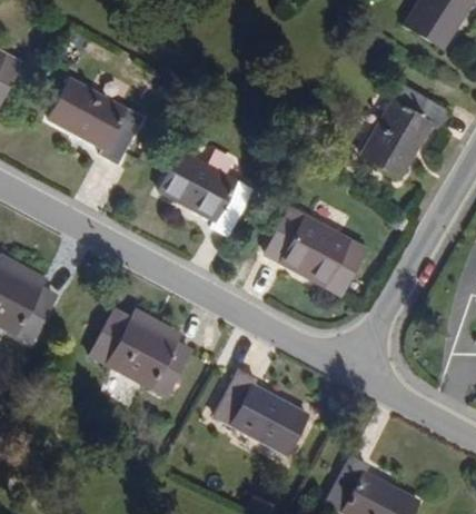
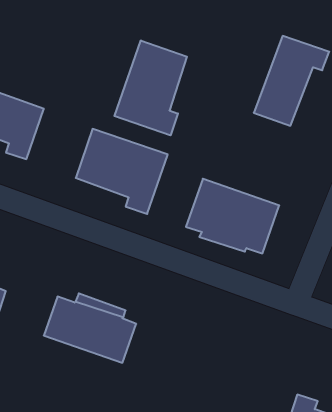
building: none -> [114,40,187,135]
building: [226,369,314,449] -> none

